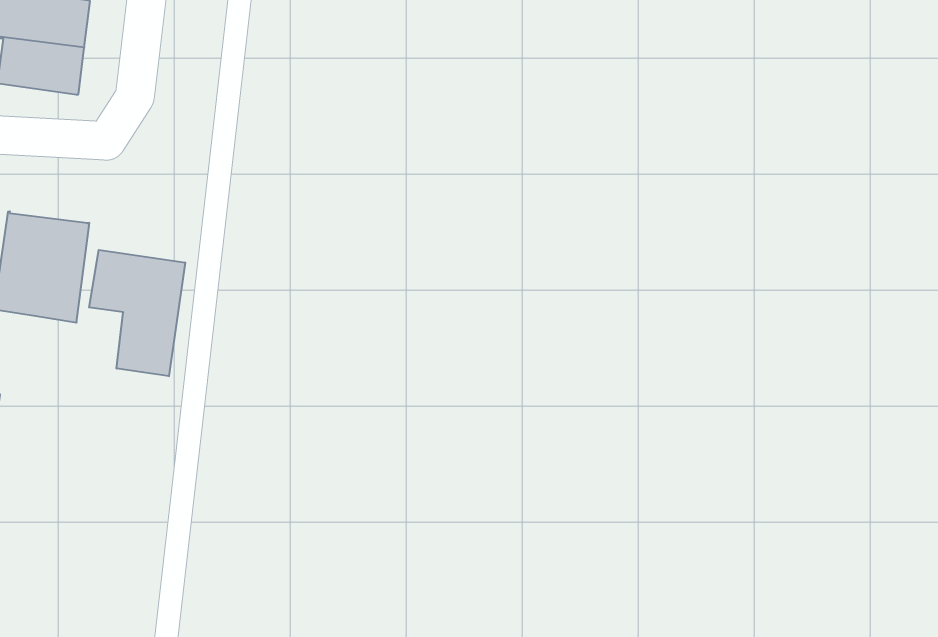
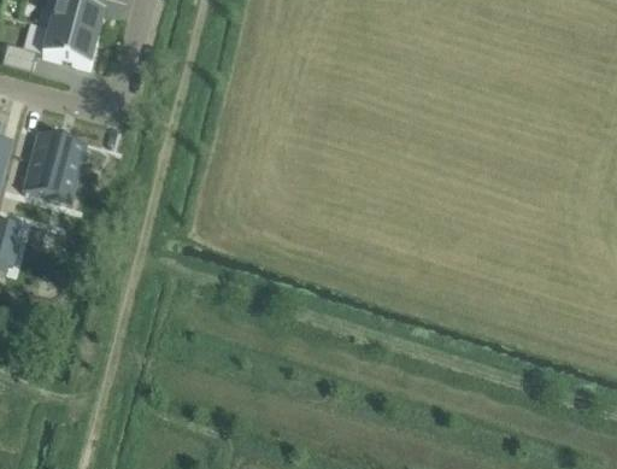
building: [89,250,185,376] -> none

